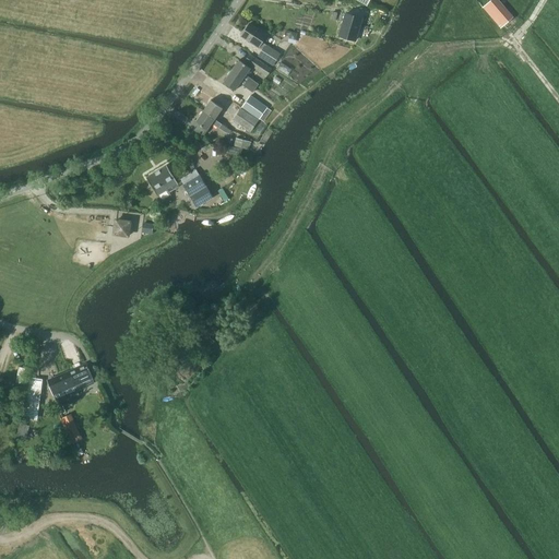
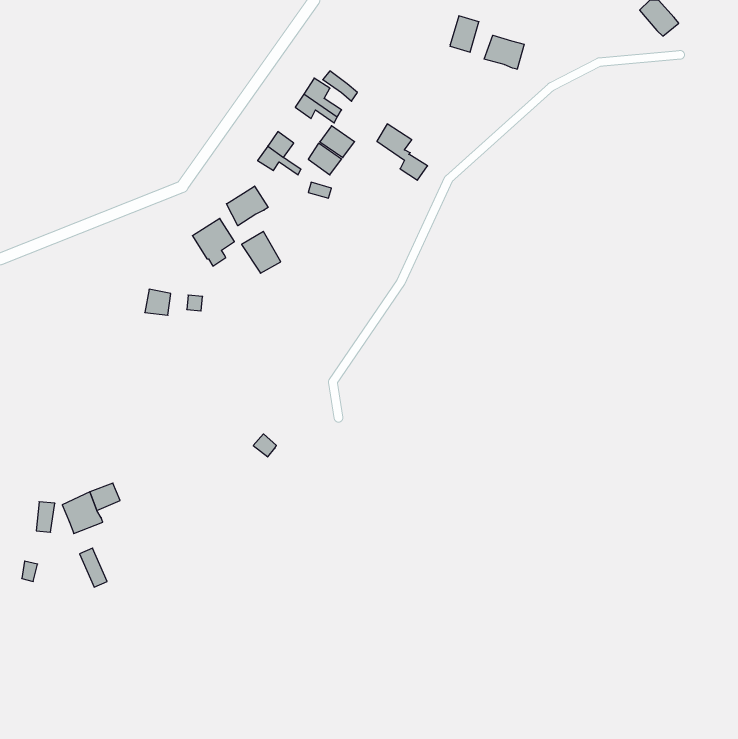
building: [242,23,281,66] -> [377,124,428,180]
building: none -> [484,35,524,69]
building: none -> [226,186,268,226]

